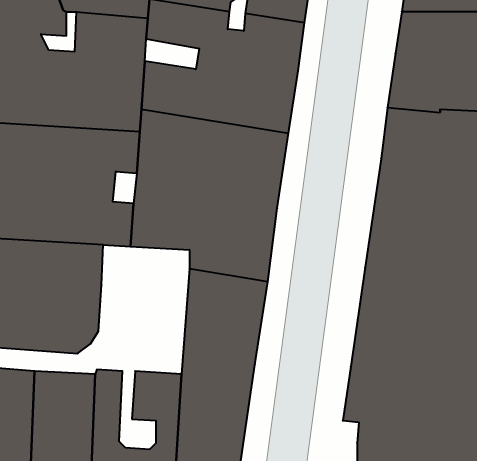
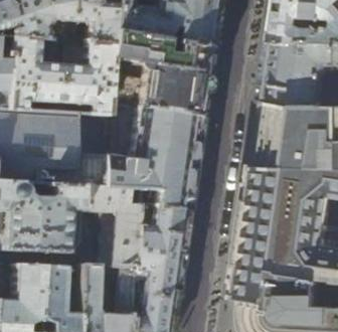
building: none -> [86,187,141,269]

